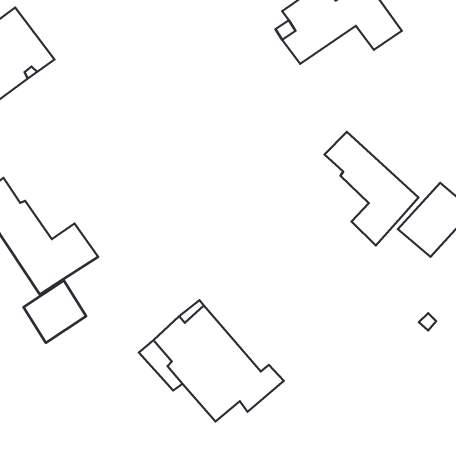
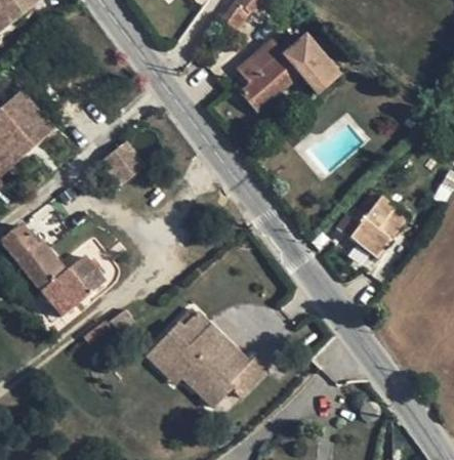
building: none -> [102,141,146,184]
building: [324,132,419,245] -> none
building: [24,280,86,343] -> none

